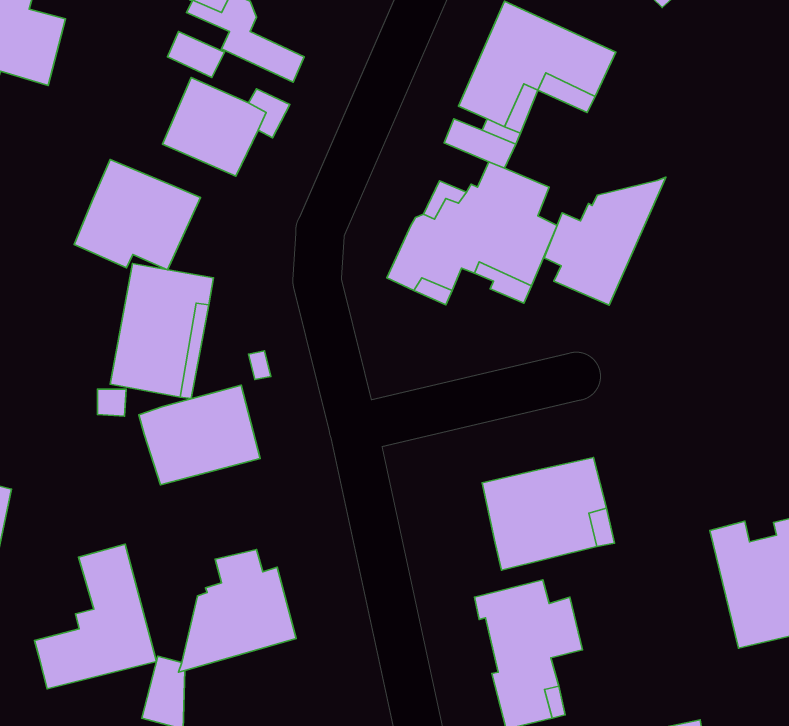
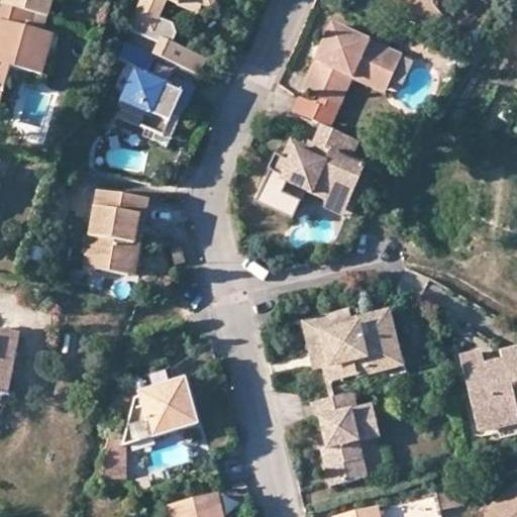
building: [74,160,200,270] -> none
building: [544,177,666,305] -> none
building: [139,385,260,485] -> none
building: none -> [302,308,351,369]
building: [34,544,156,689] -> none

